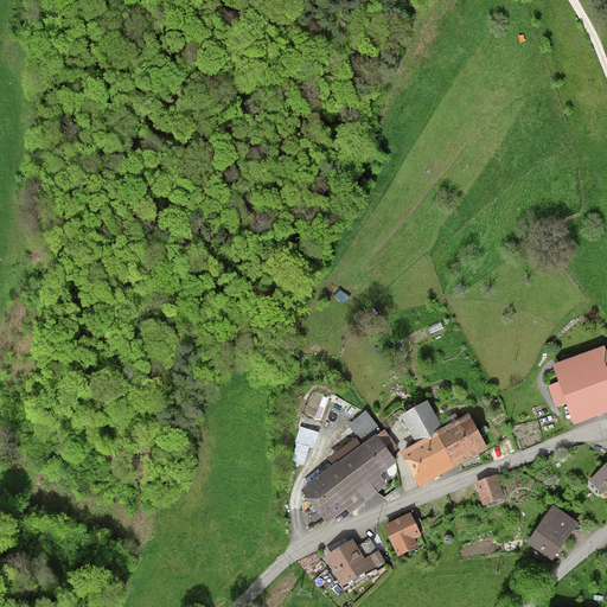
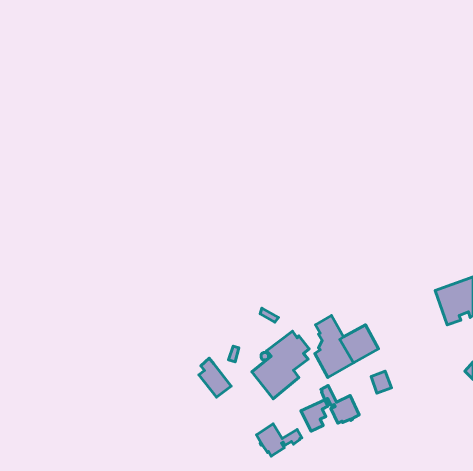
building: [304,469,345,519] -> [199,358,231,397]
building: none -> [321,385,359,423]
building: [530,507,575,556] -> none

